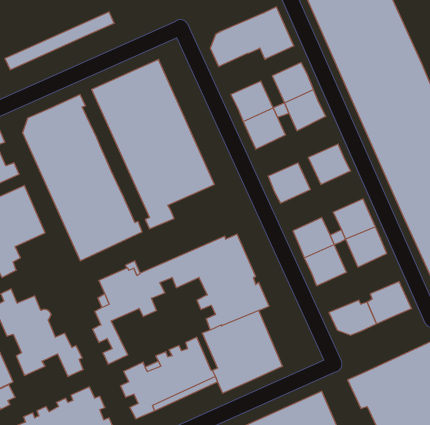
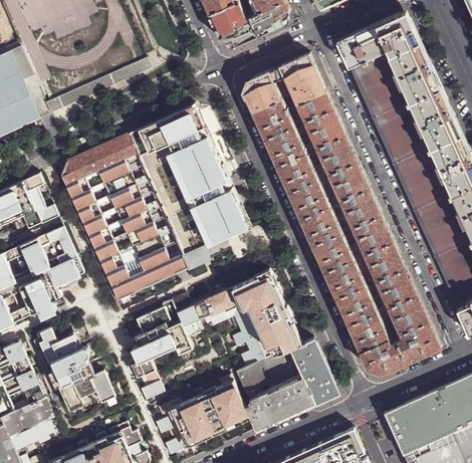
building: none -> [297,91,332,121]
building: none -> [252,98,293,139]
building: none -> [117,134,185,272]
building: none -> [328,160,369,200]
building: none -> [288,178,329,218]
building: none -> [351,213,393,253]
building: none -> [312,231,352,271]
building: none -> [388,293,428,332]
building: none -> [347,311,389,351]
building: none -> [291,338,333,403]

